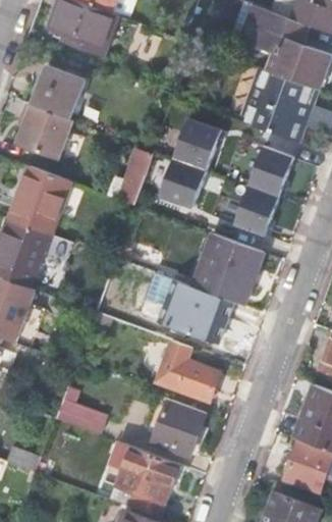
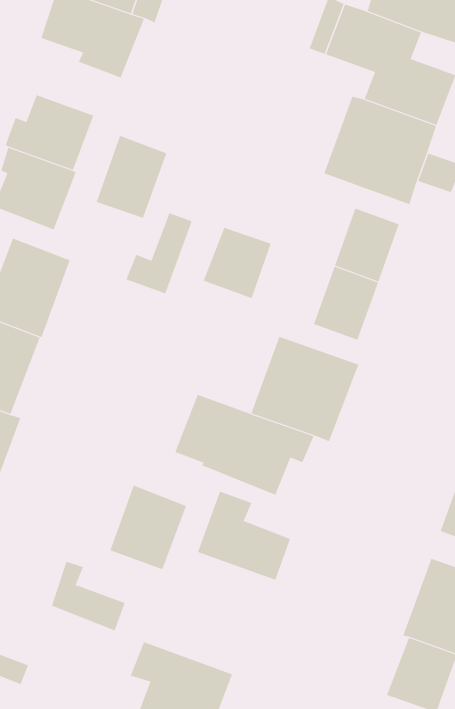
building: [173,113,222,170] -> [96,135,167,219]
building: [152,399,205,457] -> [109,485,187,570]

